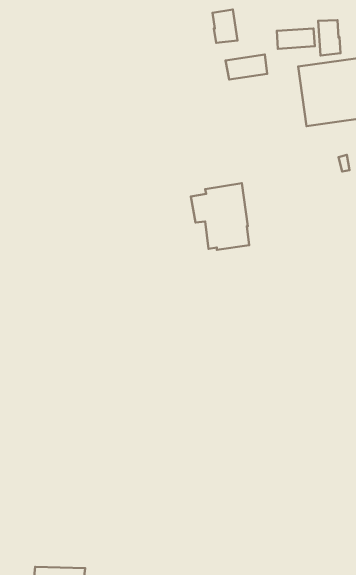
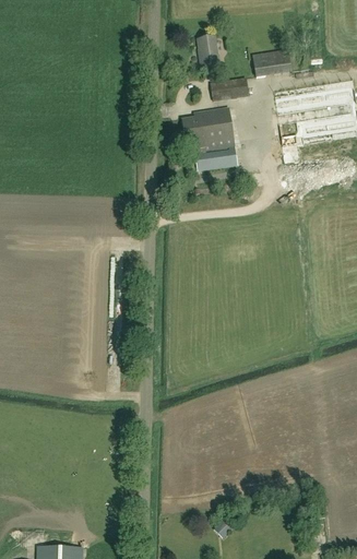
building: [318,20,340,55] -> none
building: [191,183,249,250] -> [181,108,235,169]

